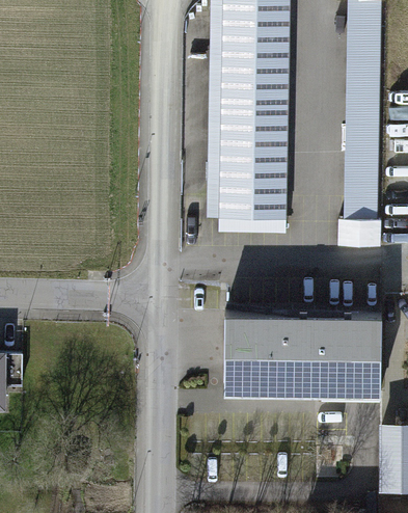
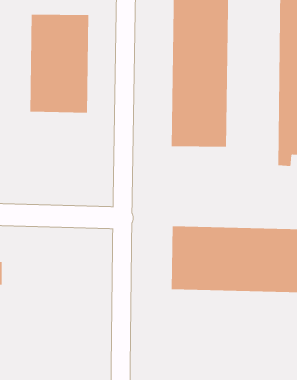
building: none -> [30,14,89,113]

